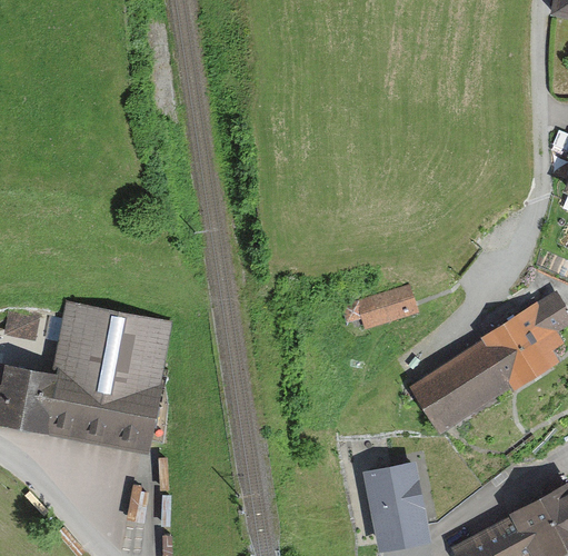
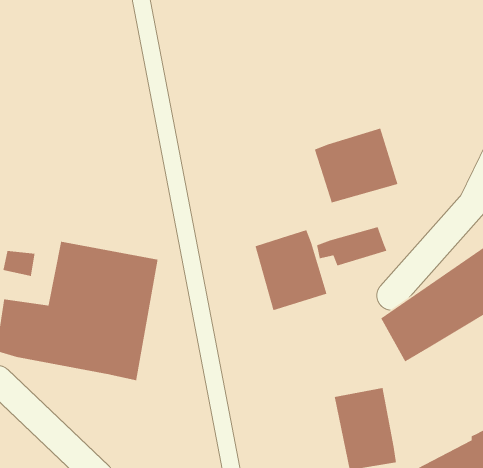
building: none -> [314,127,399,203]
building: none -> [254,229,328,311]

